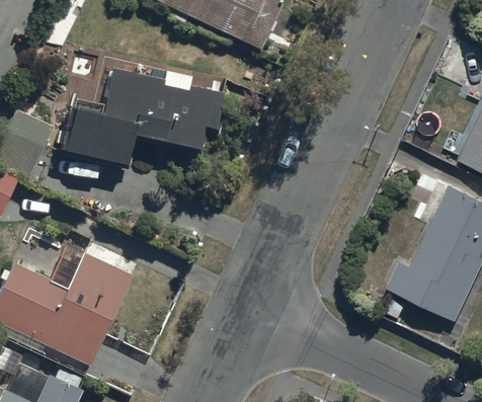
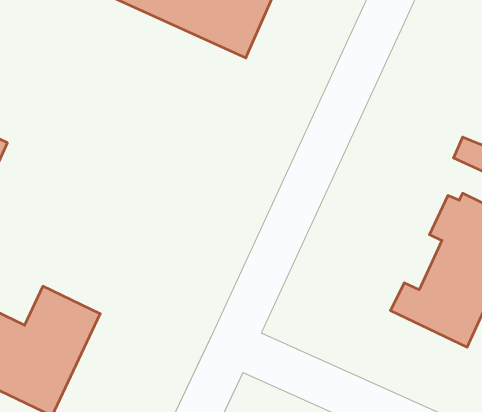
building: [64,69,224,168] -> none

